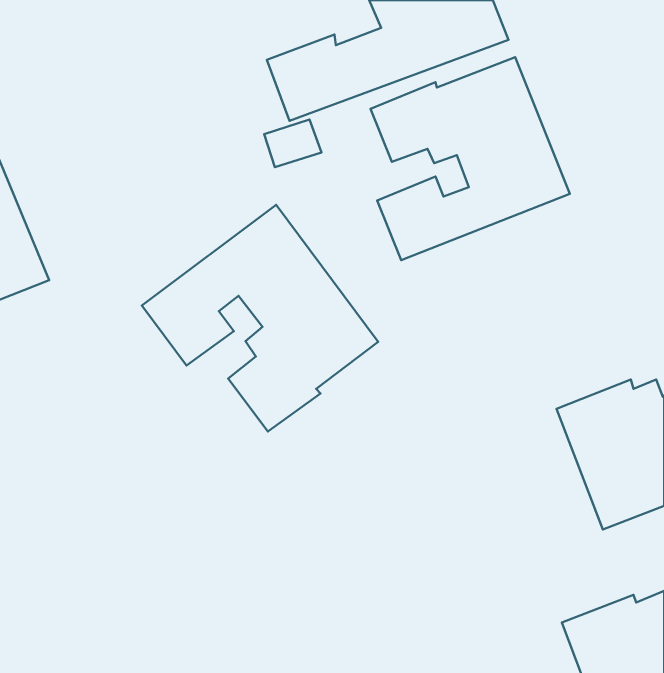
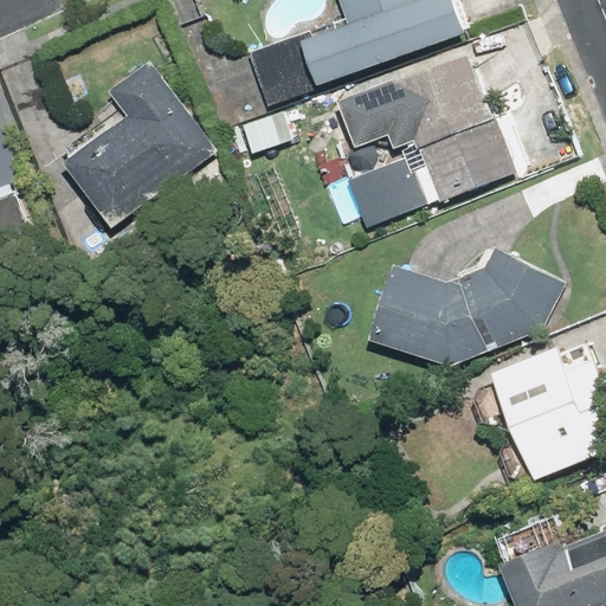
building: none -> [66,59,215,224]
building: [142,205,378,432] -> none
building: none -> [369,247,563,365]

